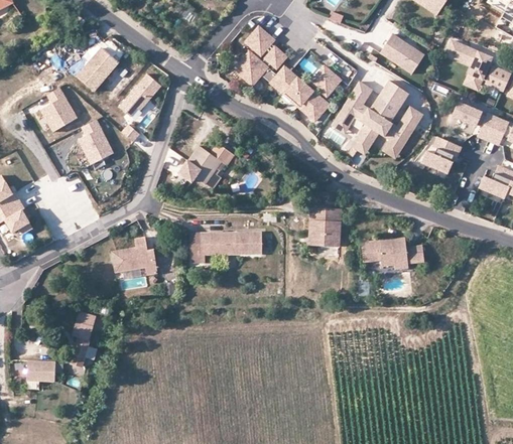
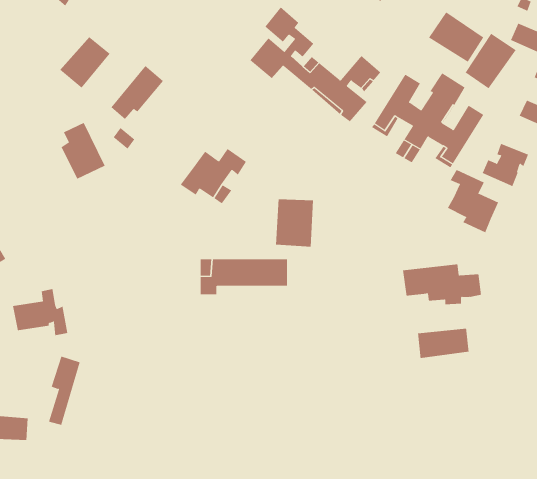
building: none -> [465,33,516,89]
building: [41,89,78,132] -> none
building: none -> [447,169,499,233]
building: [307,206,339,246] -> [275,199,314,247]
building: [113,236,158,274] -> [12,289,68,336]
building: none -> [417,328,469,359]

